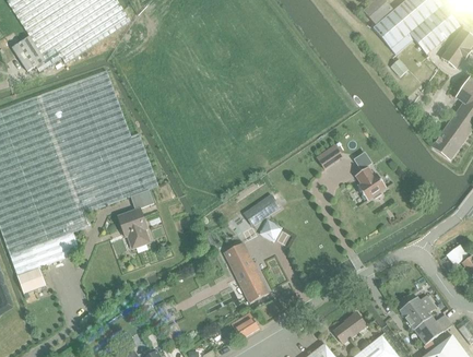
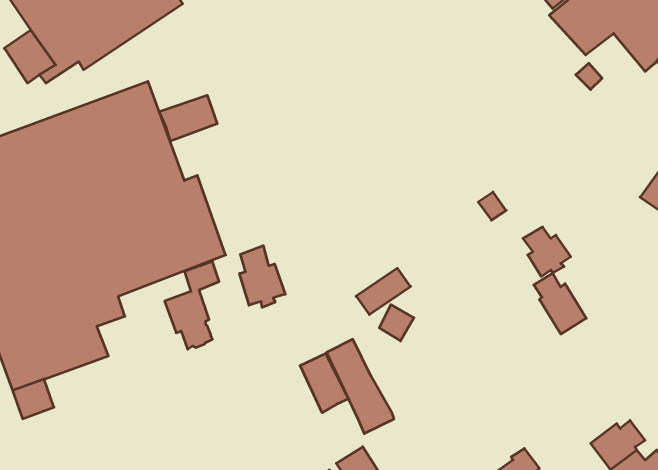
building: none -> [159,95,217,141]
building: none -> [240,246,285,307]
building: none -> [534,273,586,334]
building: none -> [300,353,348,413]

